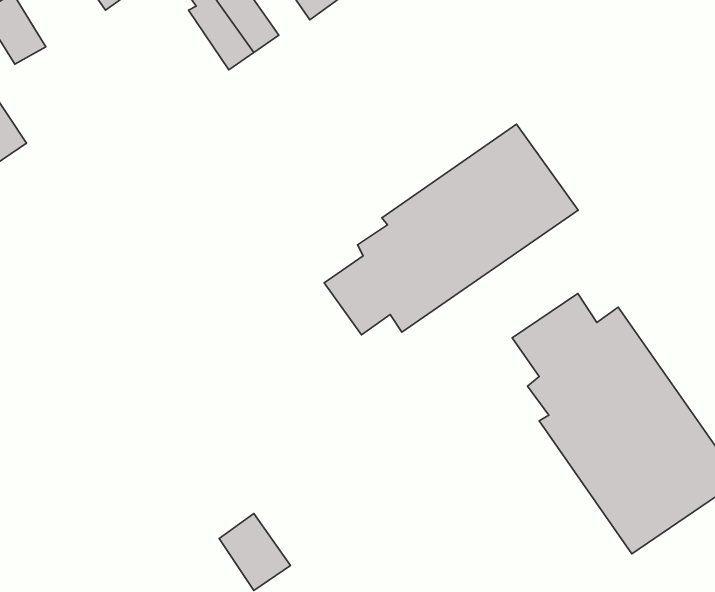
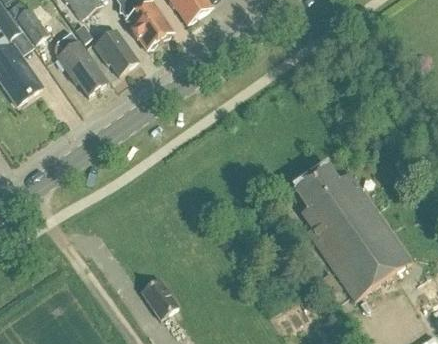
building: none -> [93,29,138,75]
building: none -> [56,38,106,96]
building: [324,124,578,335] -> none

